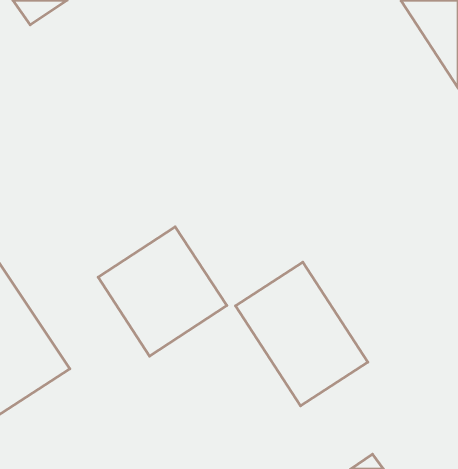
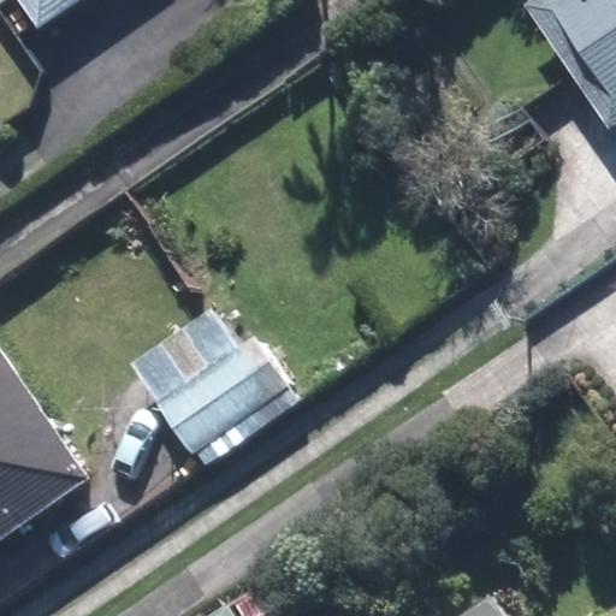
building: [235,262,368,406] -> none

